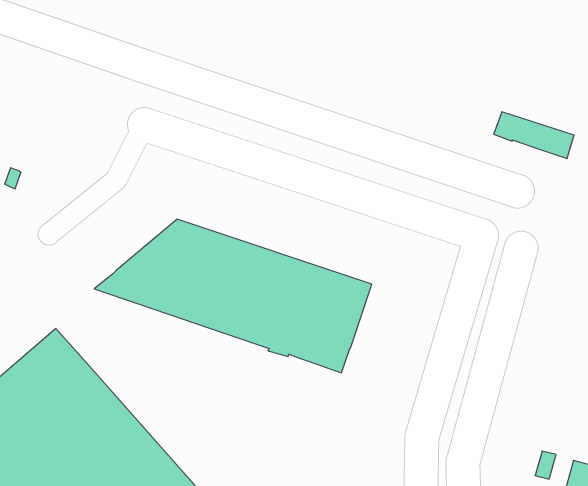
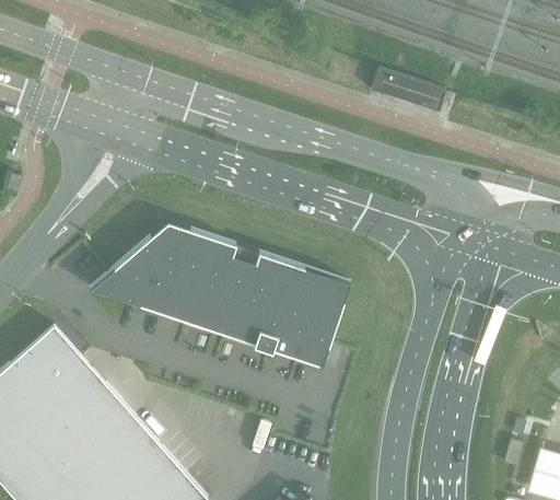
building: [494,112,574,159] -> [370,70,445,114]

